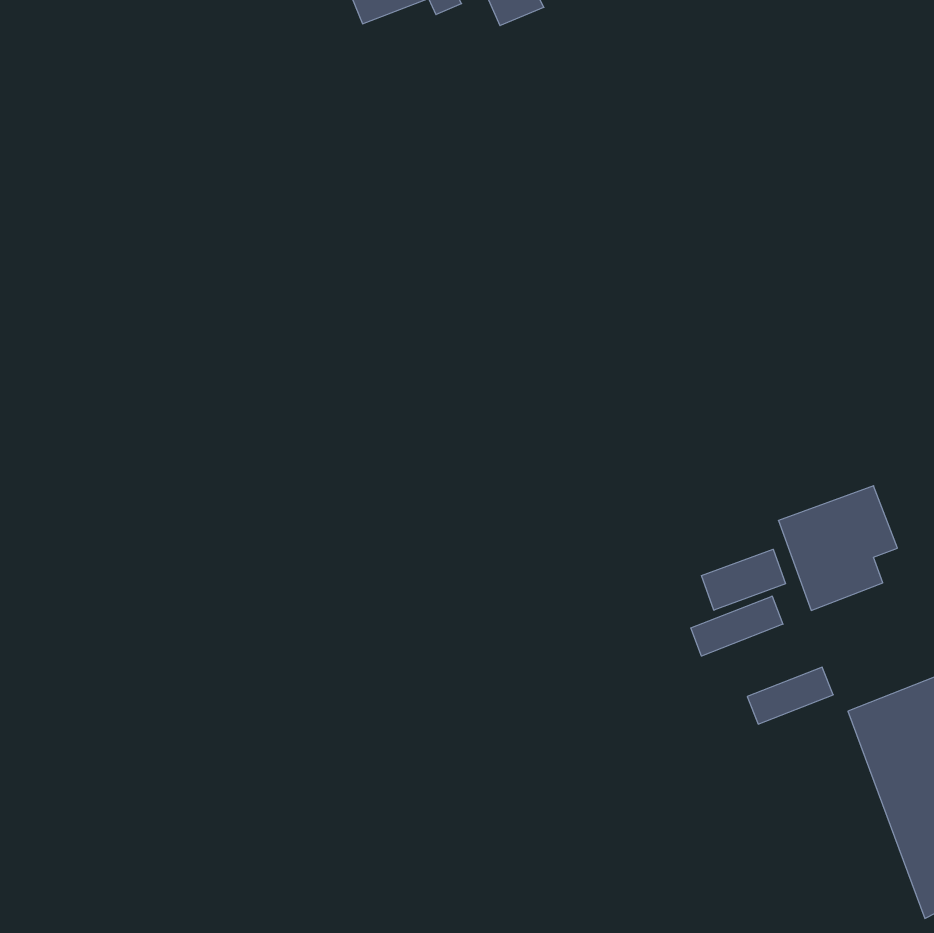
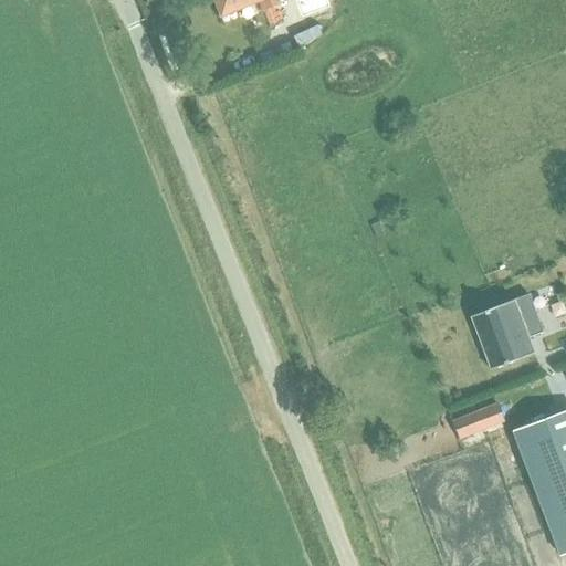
building: [701,549,786,610] -> none
building: [691,596,783,656] -> none

